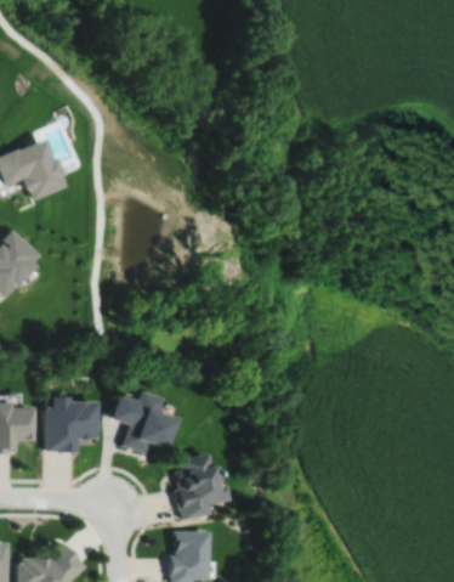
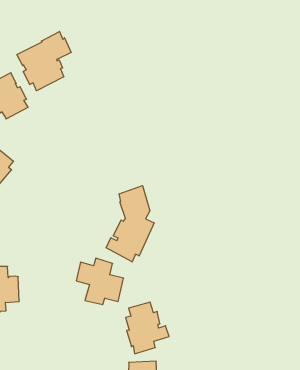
building: none -> [17,31,71,91]
building: none -> [106,186,154,262]
building: [46,397,98,453] -> none

